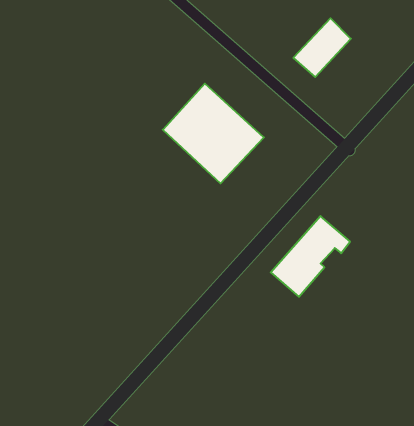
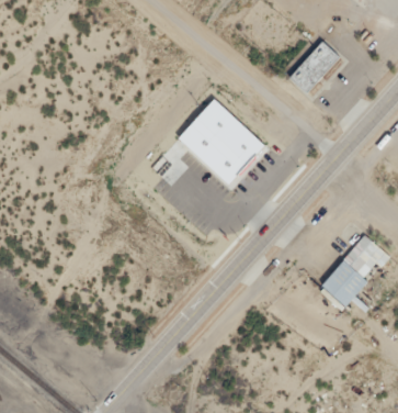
building: [271,216,350,297] -> [320,236,388,305]

